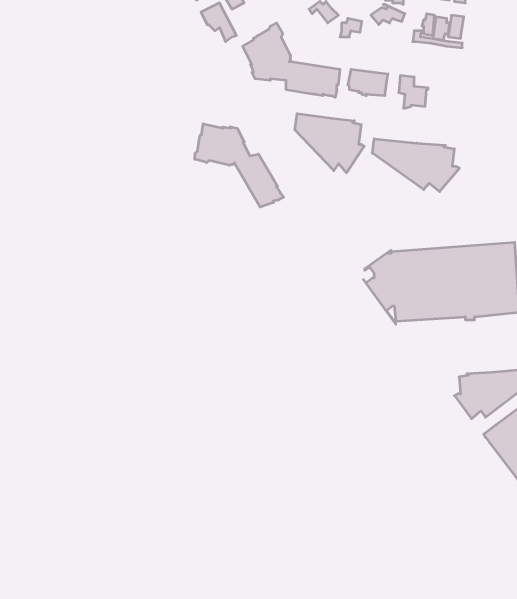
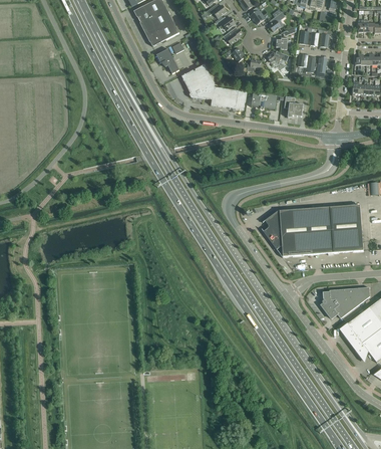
building: [295,114,364,173] -> none
building: [195,124,284,207] -> none
building: [372,139,459,192] -> none

